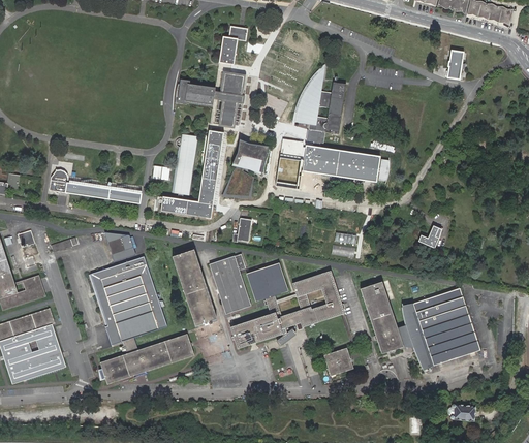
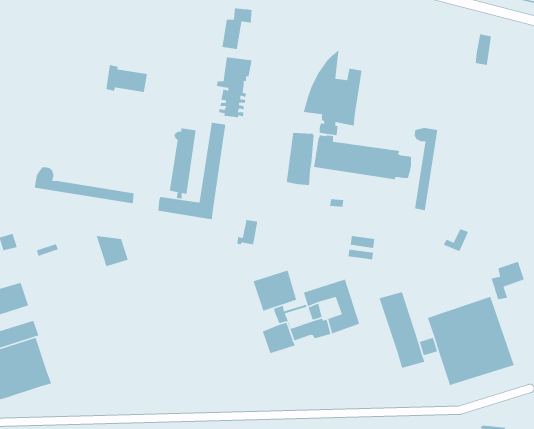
building: [177,78,215,104] -> [106,64,148,93]
building: none -> [414,127,438,211]
building: [221,139,268,198] -> none
building: [173,249,215,324] -> none
building: none -> [491,261,525,300]
building: [209,255,250,312] -> none
building: [90,256,193,383] -> none
building: [229,318,261,348] -> none
building: [322,347,352,375] -> none

